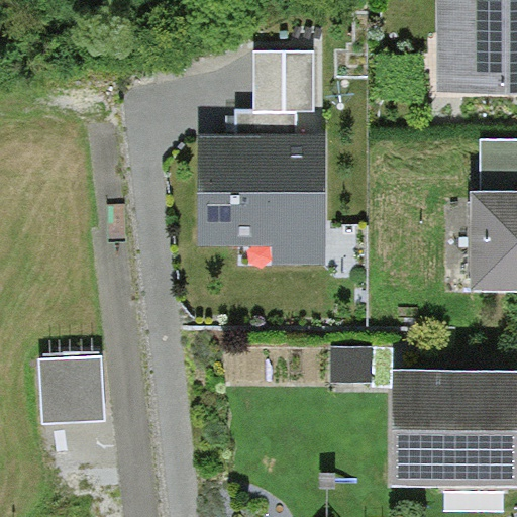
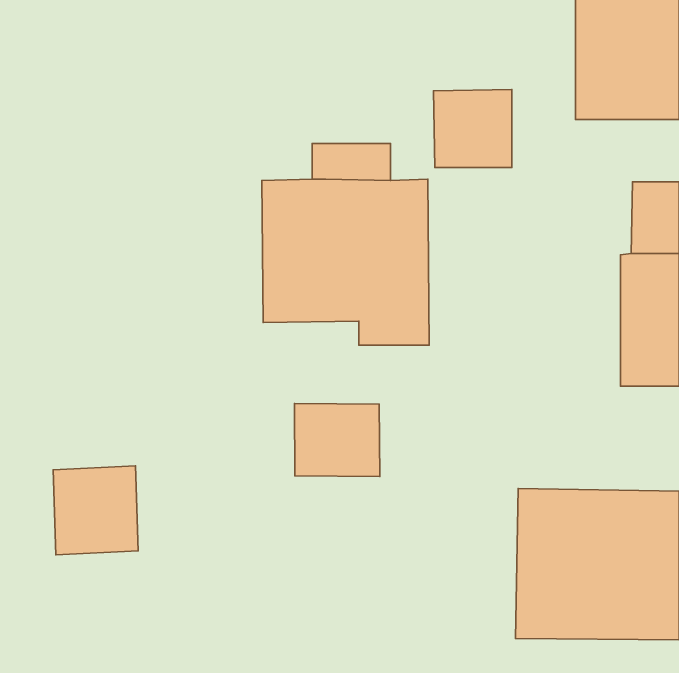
building: [254,49,314,109] -> [433,89,512,168]
building: none -> [294,404,380,476]

